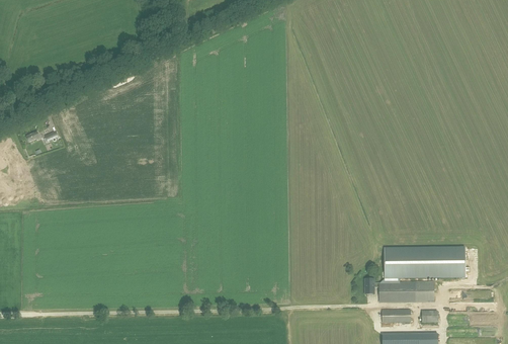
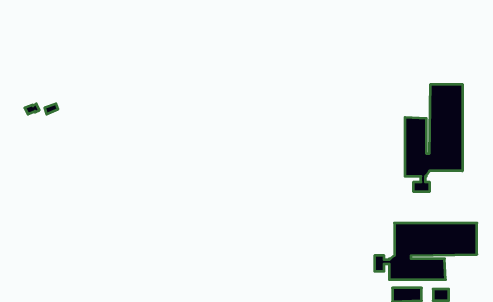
building: none -> [405,84,462,192]

